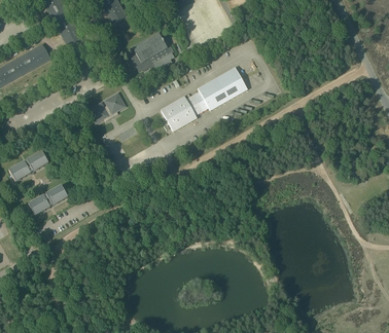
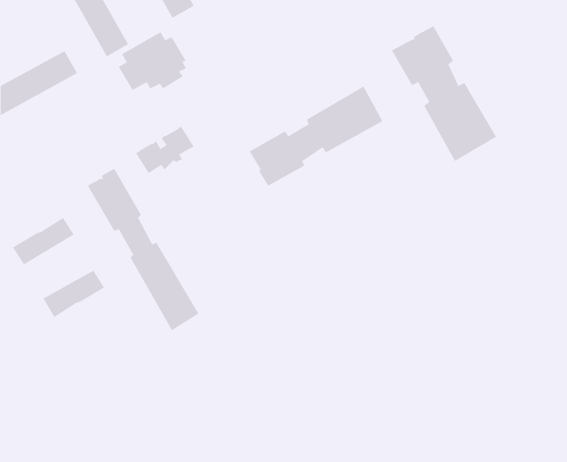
building: none -> [391,25,497,162]
building: [130,32,174,70] -> [118,32,187,91]
building: none -> [87,168,199,331]

